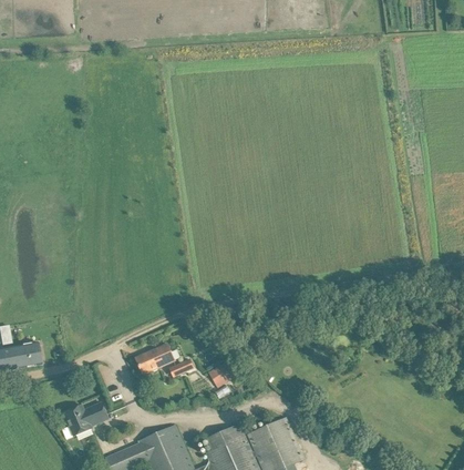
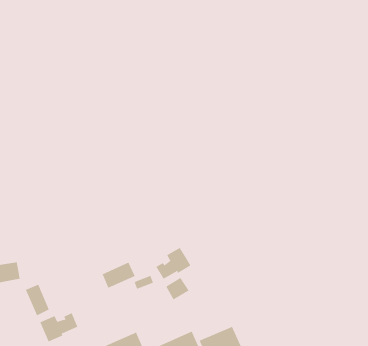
building: none -> [155,247,191,280]
building: none -> [25,284,49,316]

